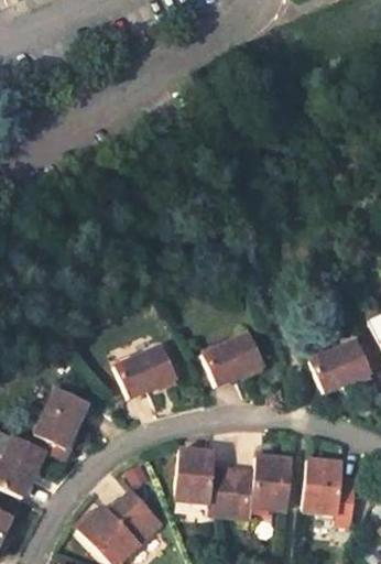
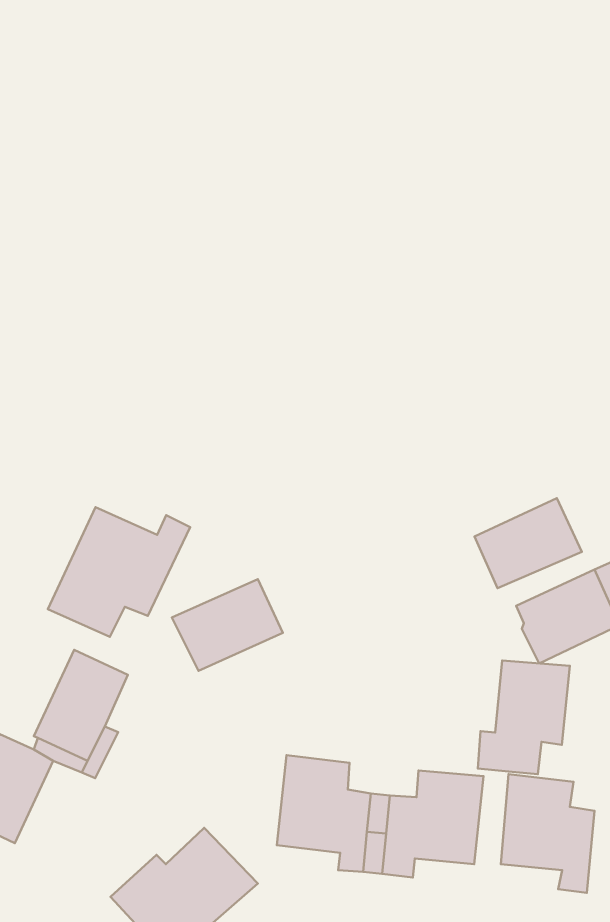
building: none -> [48,507,190,637]
building: [202,334,263,386] -> [475,498,582,588]
building: none -> [478,660,570,774]

